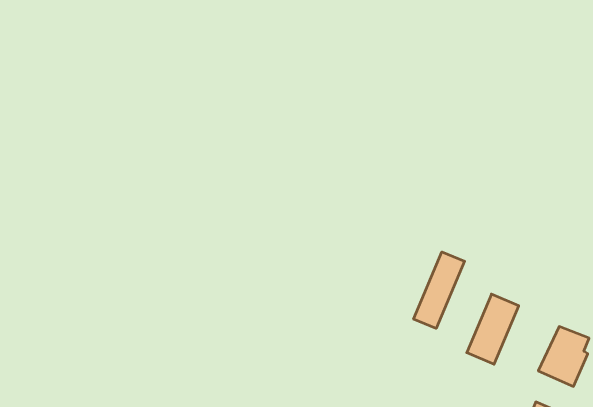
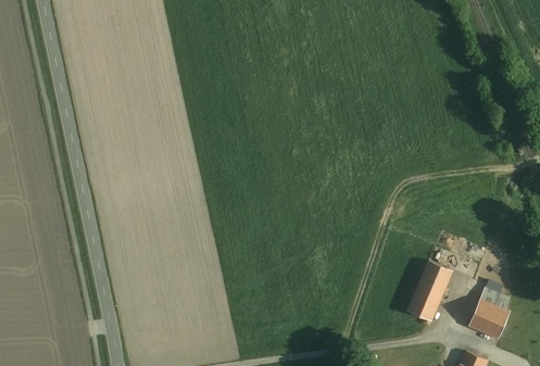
building: [414,252,465,328] -> none

